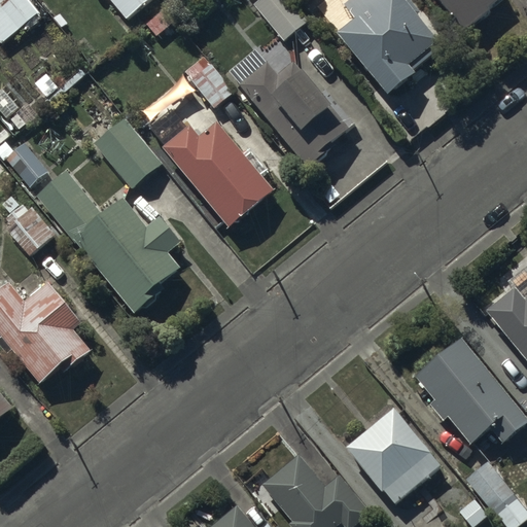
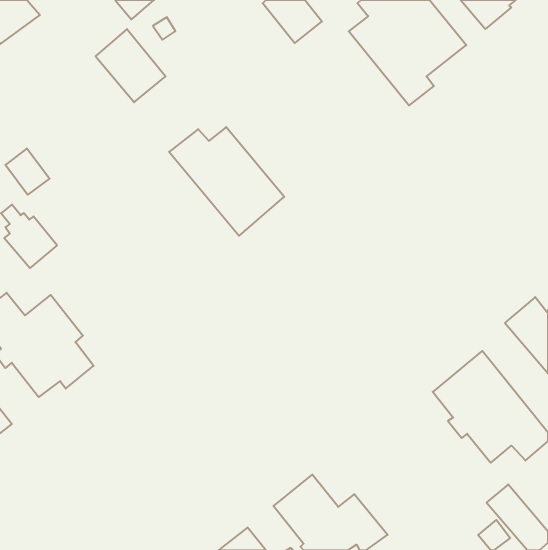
building: [225,43,348,168] -> none
building: [94,116,161,186] -> [96,29,166,102]
building: [35,170,179,311] -> none
building: [345,407,440,502] -> none

